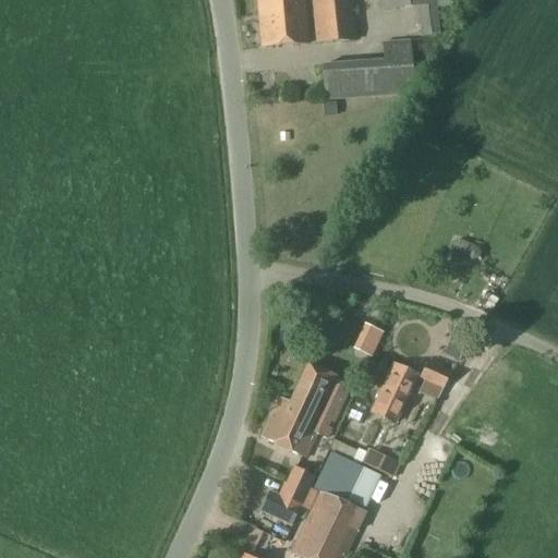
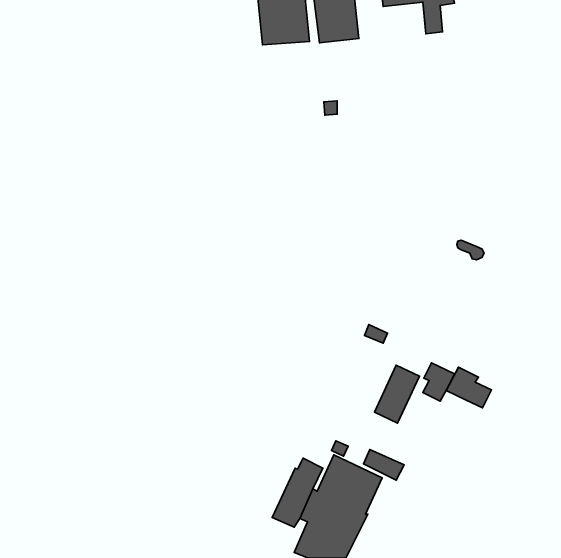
building: [322,38,414,97] -> none
building: [262,362,342,456] -> none
building: none -> [446,367,491,408]

